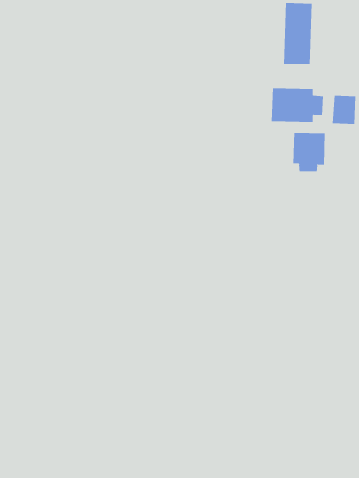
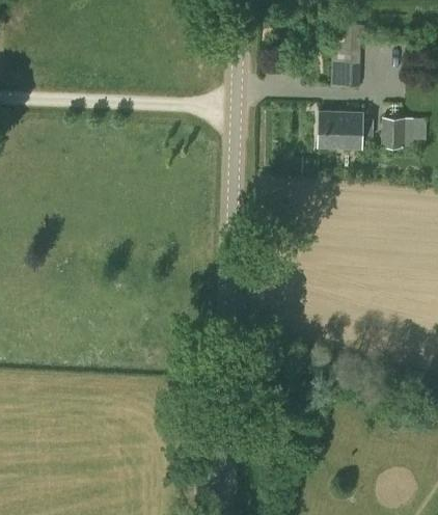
building: [293,132,325,172] -> none

